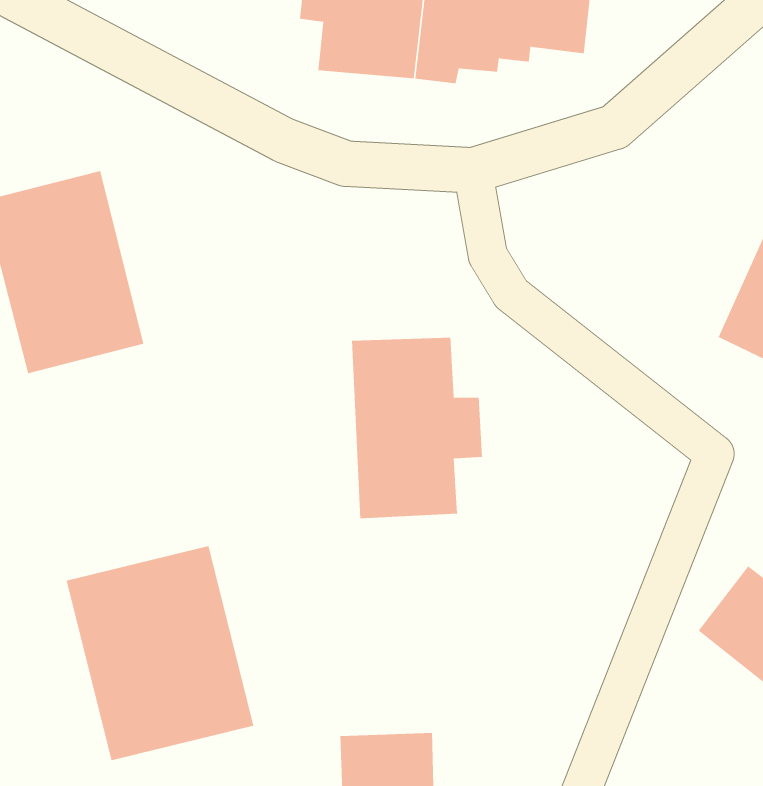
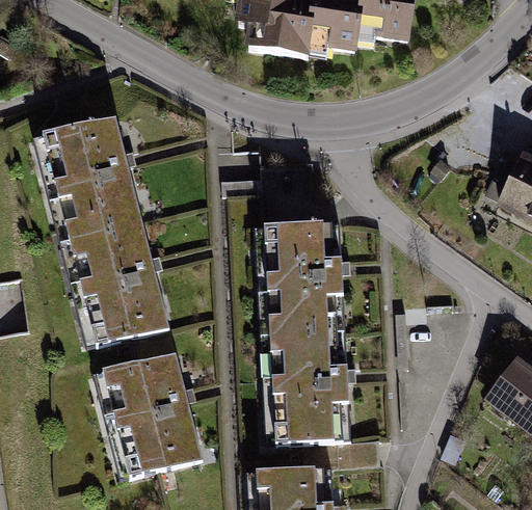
building: none -> [68,222,167,346]
building: none -> [274,328,356,441]

